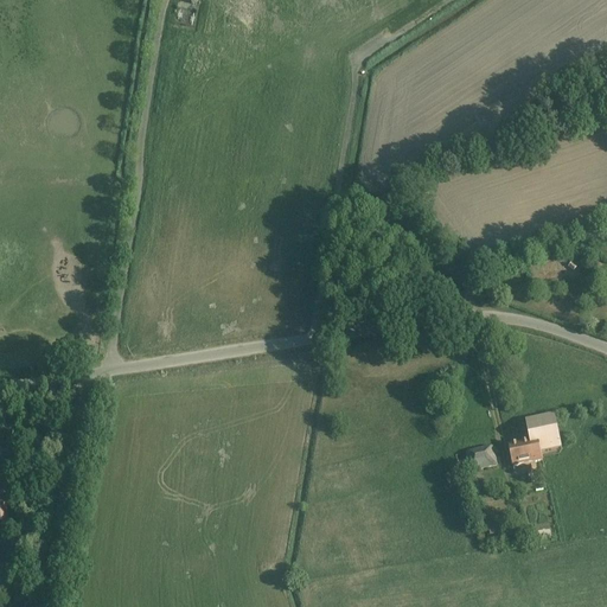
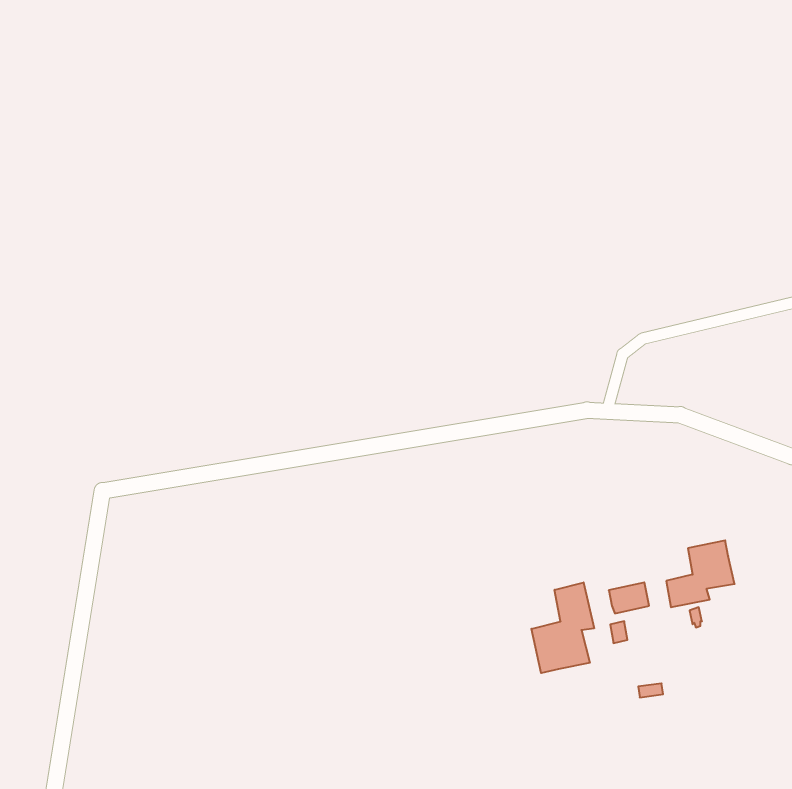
building: none -> [531,582,594,673]

